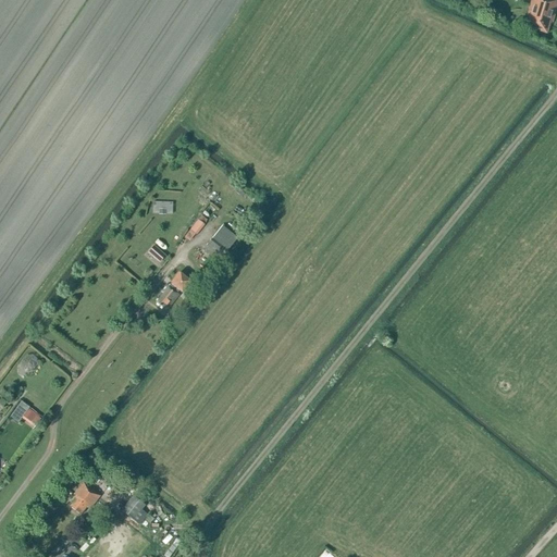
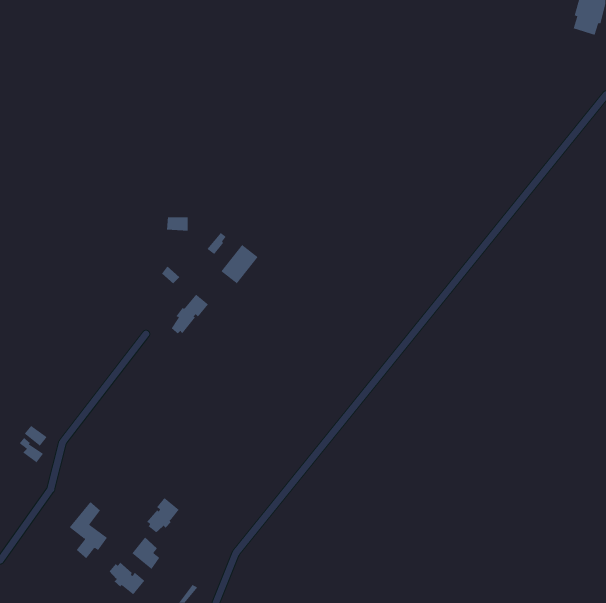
building: none -> [146,497,179,533]
building: none -> [109,562,145,595]

